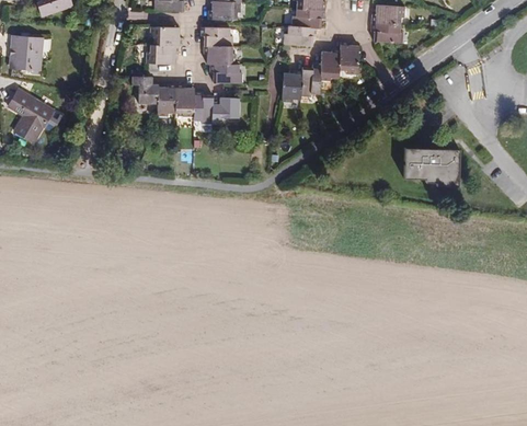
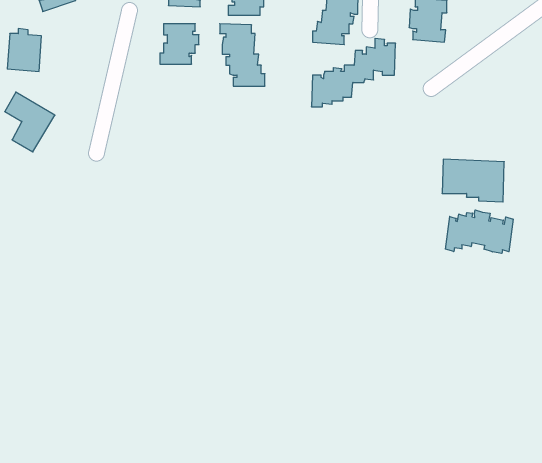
building: [133,76,240,123] -> none
building: none -> [445,210,513,253]

